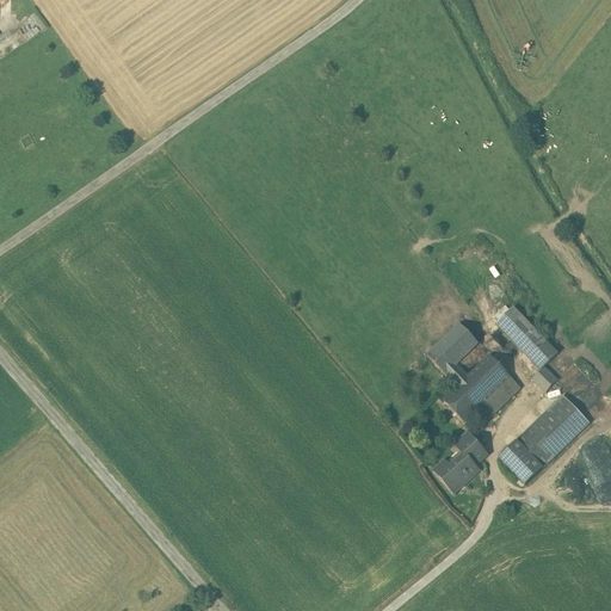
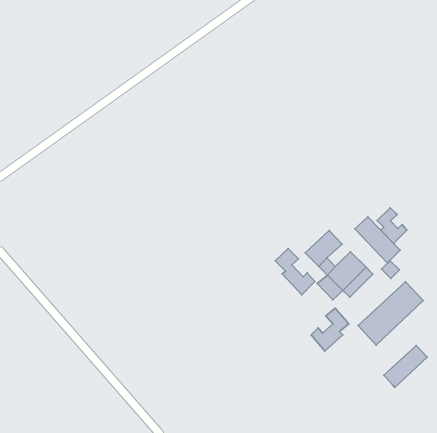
building: none -> [377,208,407,244]
building: none -> [275,249,315,295]
building: none -> [384,346,427,388]

